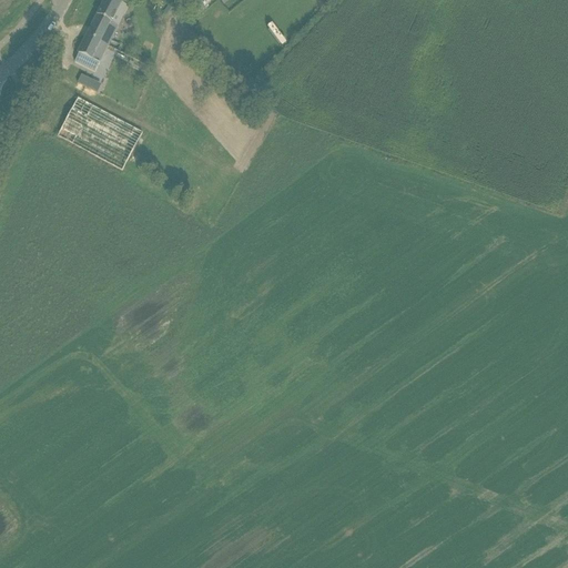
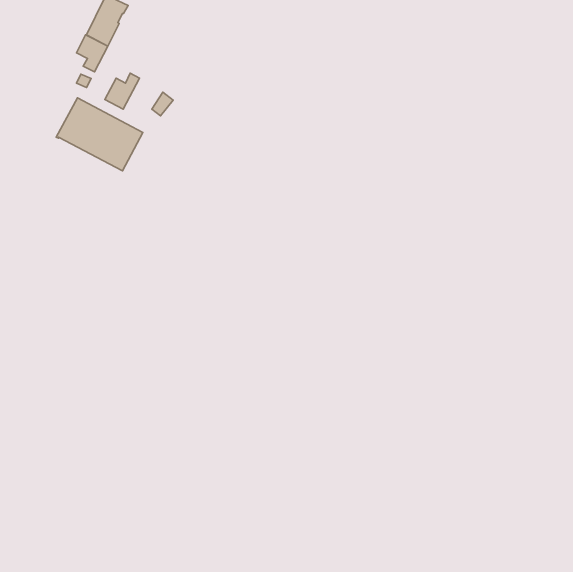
building: none -> [105,73,139,109]

